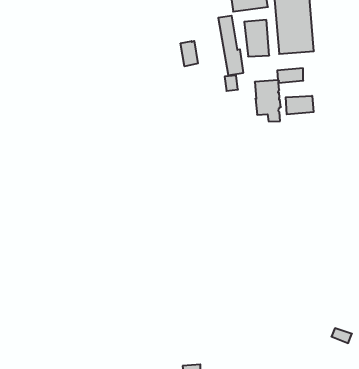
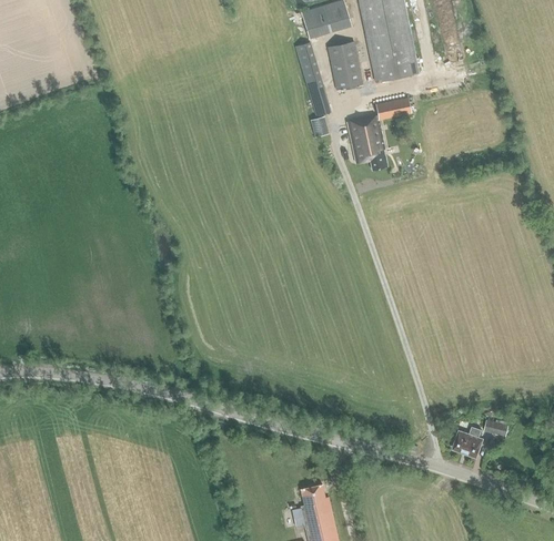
building: [181,41,198,66] -> none
building: [286,96,314,114] -> none
building: none -> [453,427,483,458]

